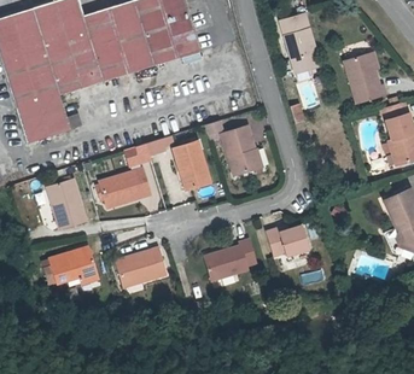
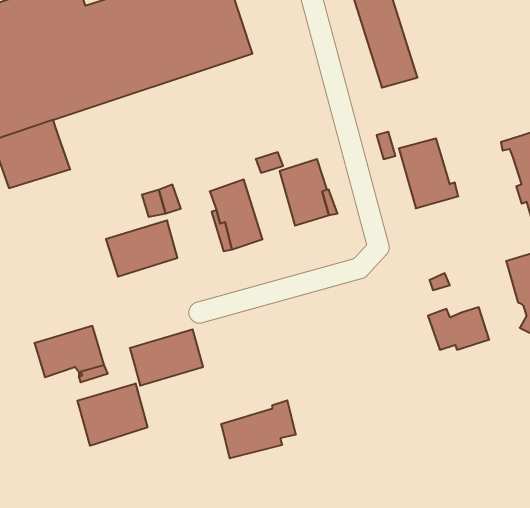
building: [345,55,387,105] -> [399,138,458,208]
building: [51,179,88,229] -> none
building: [266,222,309,252] -> [428,307,489,350]
building: [203,235,256,276] -> [221,400,296,458]
building: none -> [77,383,147,446]

